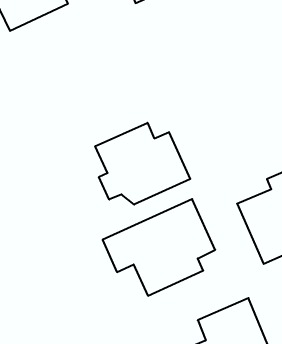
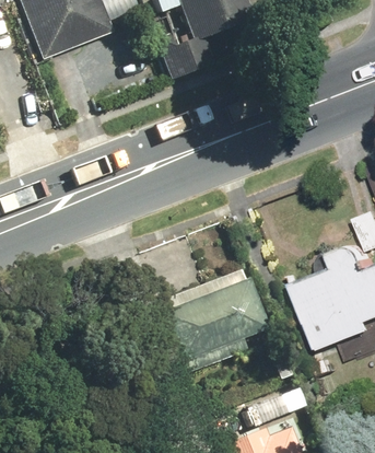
building: [95,123,190,205] -> none

